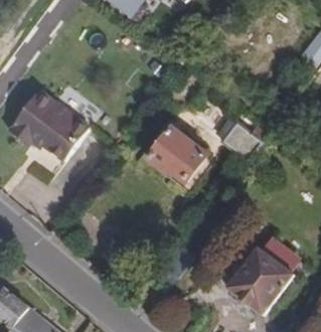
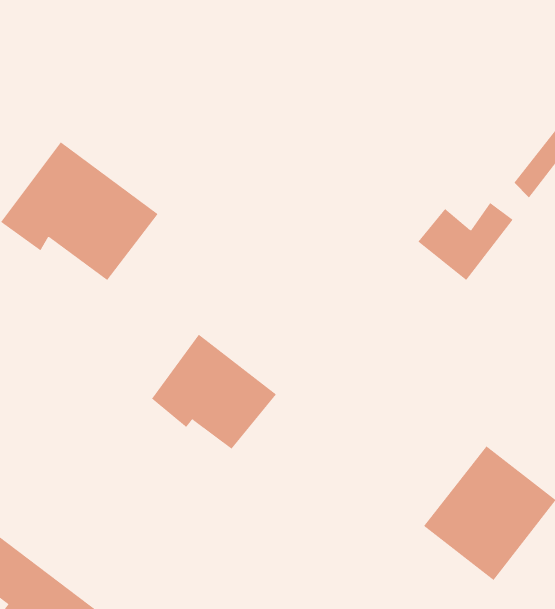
building: [145,126,209,185] -> [151,334,277,450]

